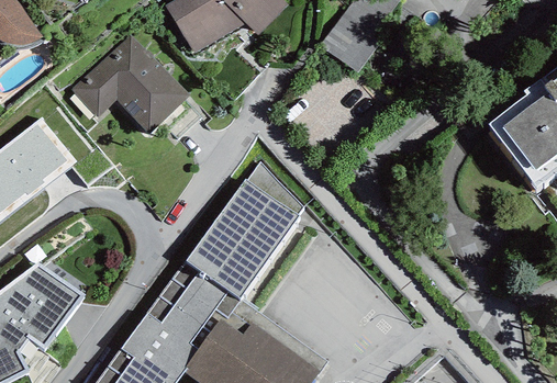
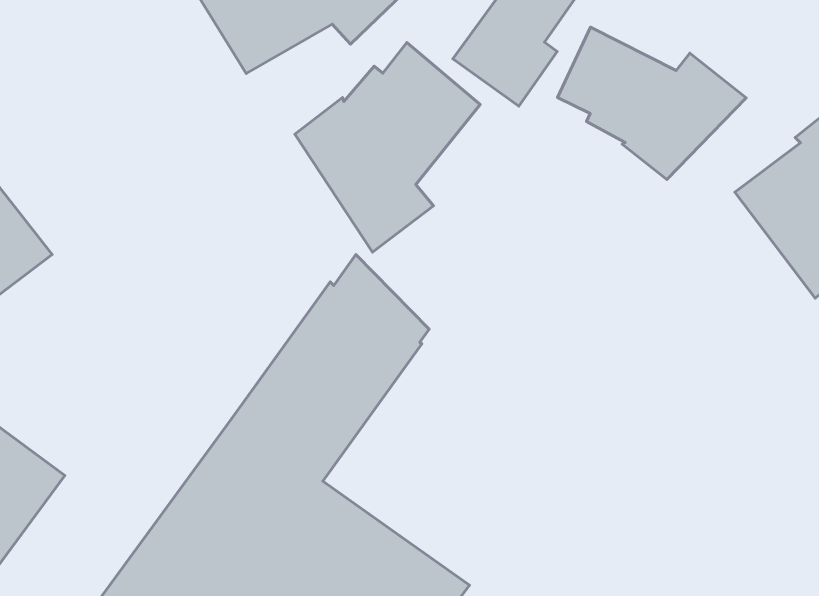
building: none -> [557,27,746,179]
building: [70,35,188,134] -> none
building: none -> [295,42,480,252]

